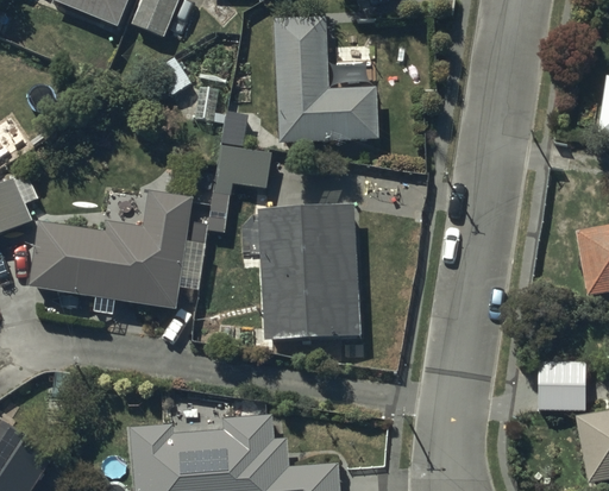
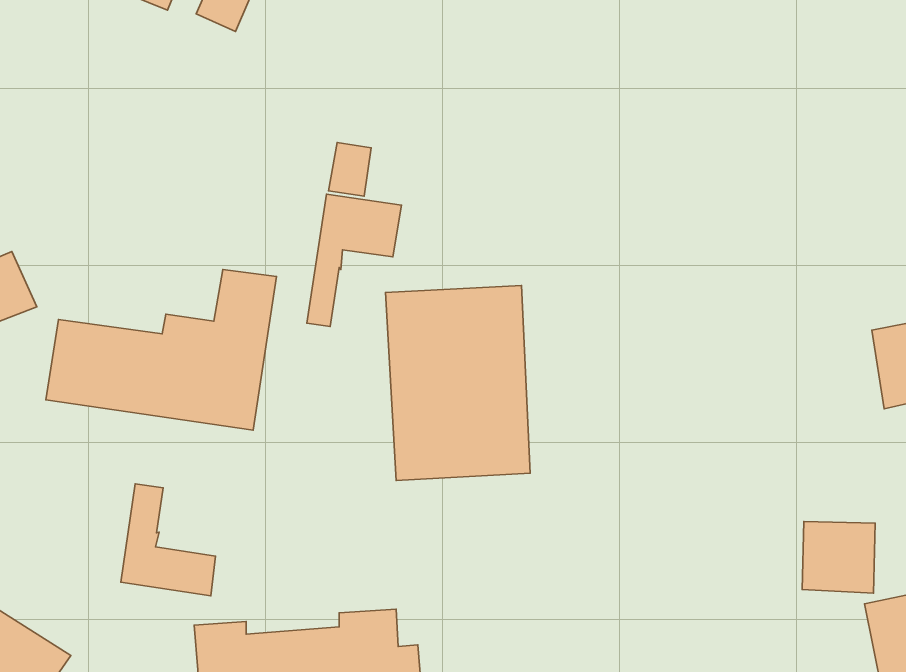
building: [274,24,373,136] -> none
building: none -> [121,484,215,596]

